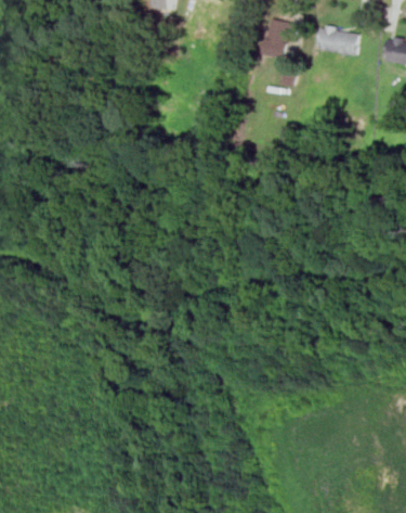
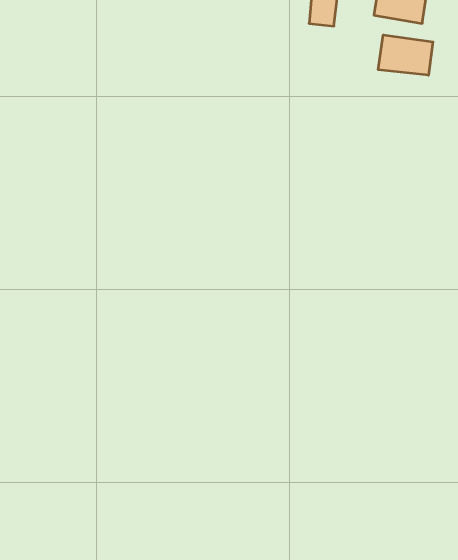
building: none -> [378,35,433,75]

